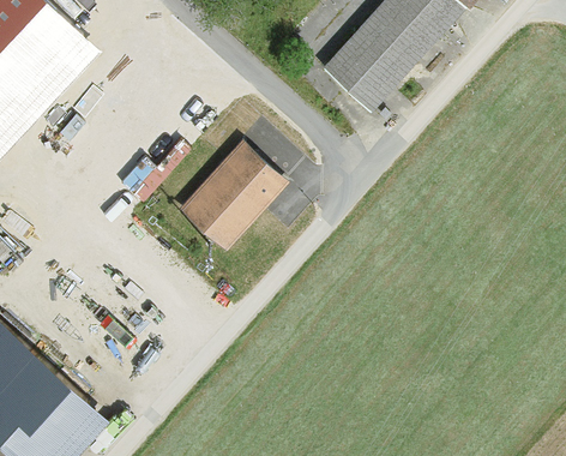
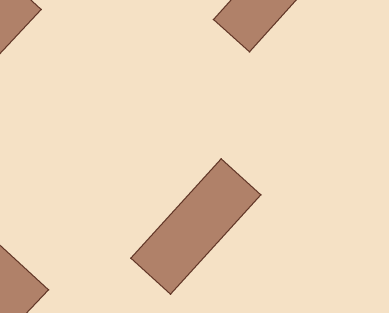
building: [182,139,289,247] -> none
building: none -> [131,159,261,294]

